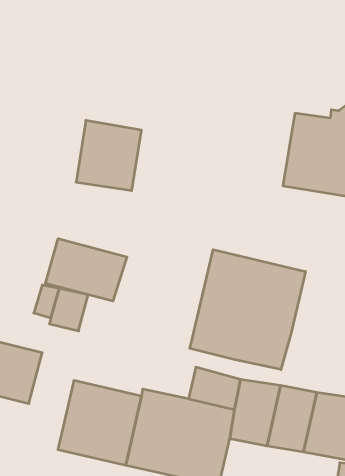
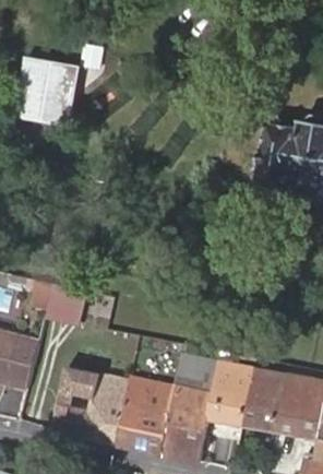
building: [76,120,141,191] -> [15,62,74,126]
building: [45,239,127,301] -> none
building: [190,250,305,370] -> none

